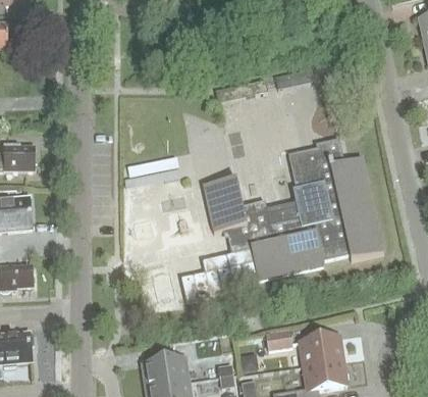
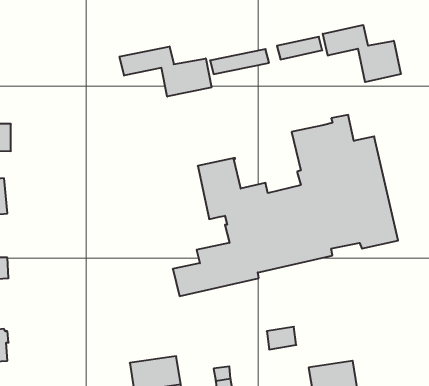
building: none -> [323,25,401,82]
building: none -> [120,46,211,97]
building: [299,335,342,365] -> none

